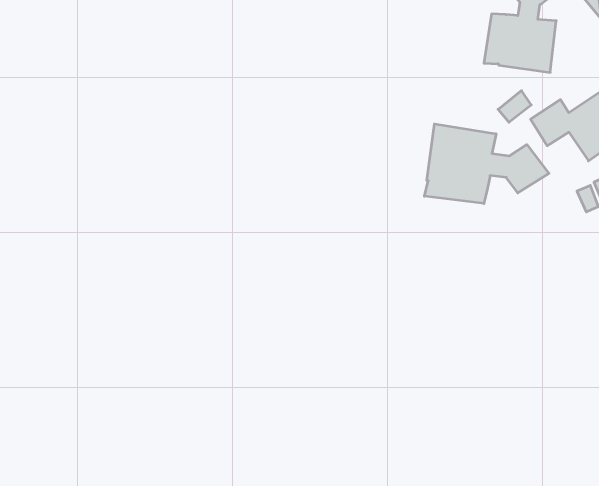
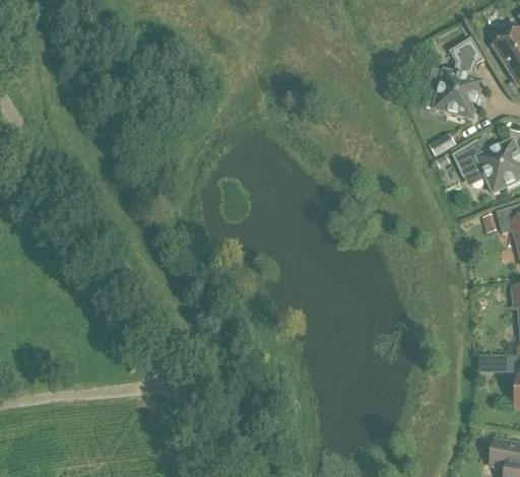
building: [424,124,549,204] -> none

